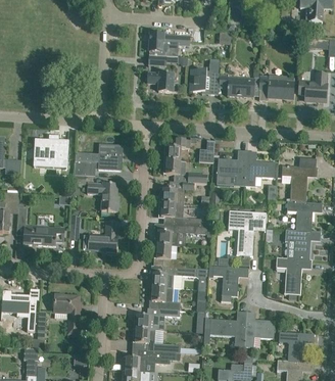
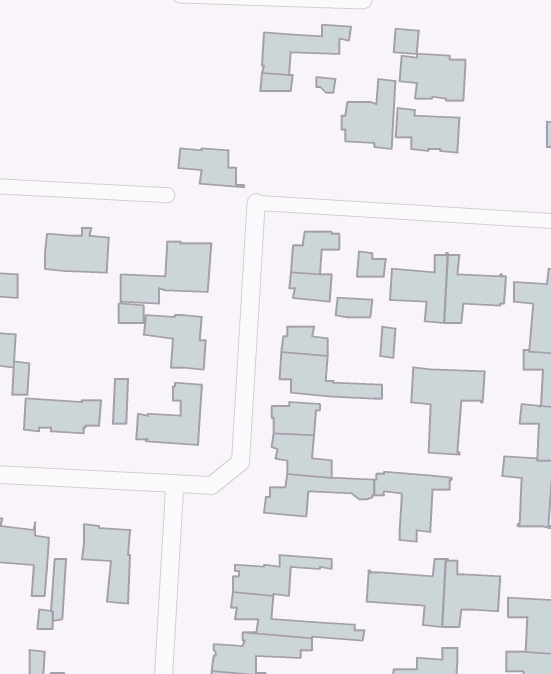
building: [147,73,182,93] -> [178,149,244,187]
building: [259,75,294,99] -> [399,54,465,100]
building: [149,287,180,311] -> none

